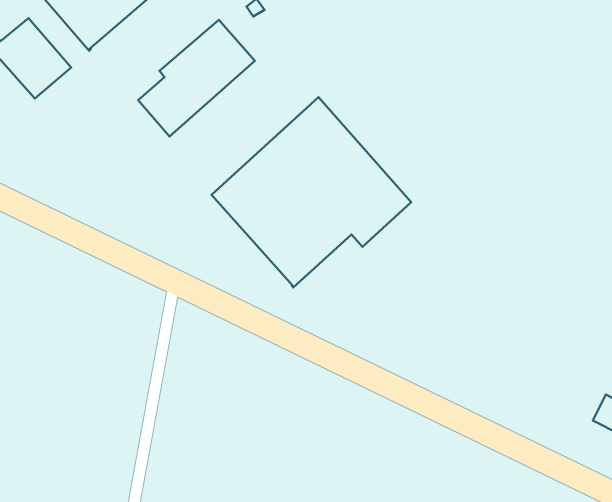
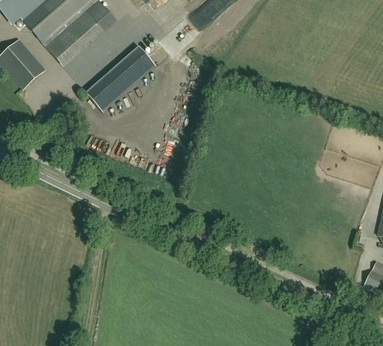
building: [211,97,411,288] -> none

